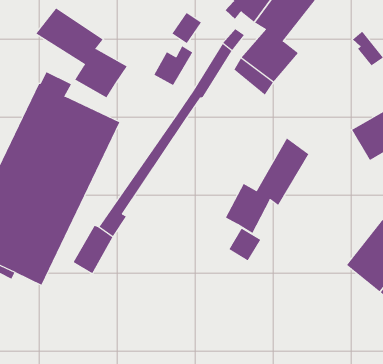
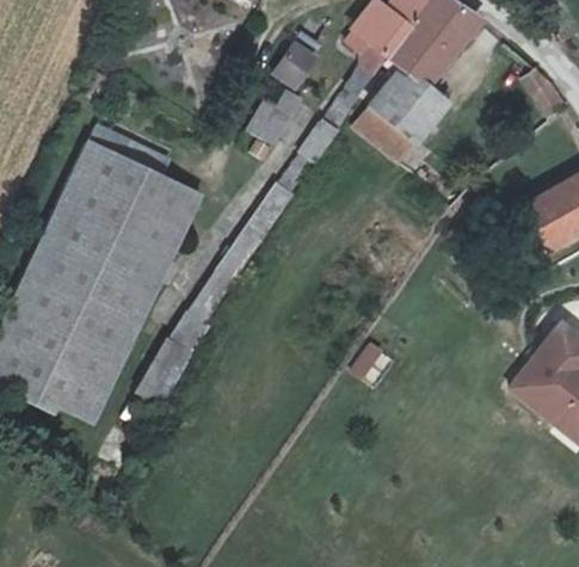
building: [36,7,128,98] -> none
building: [225,137,309,234] -> none

